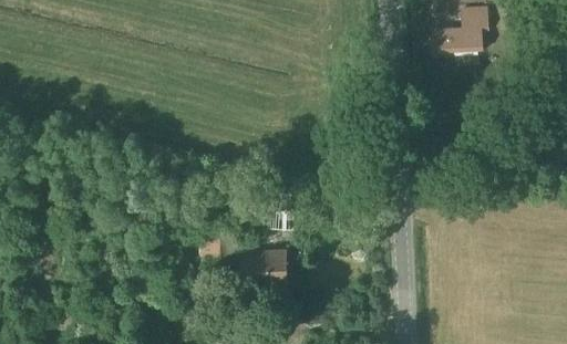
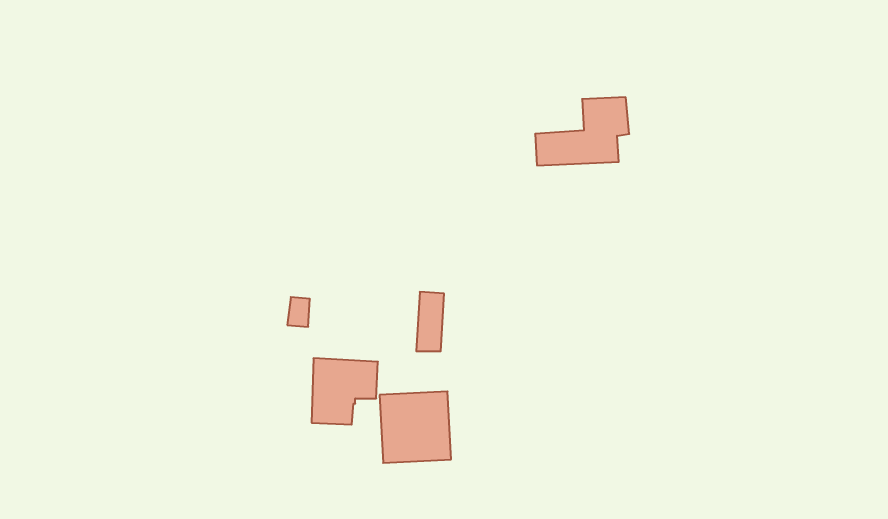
building: [431,7,491,50] -> [535,97,629,165]

